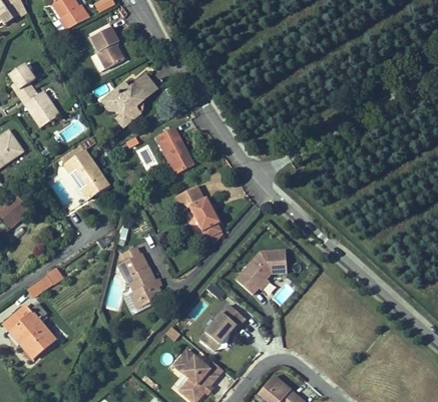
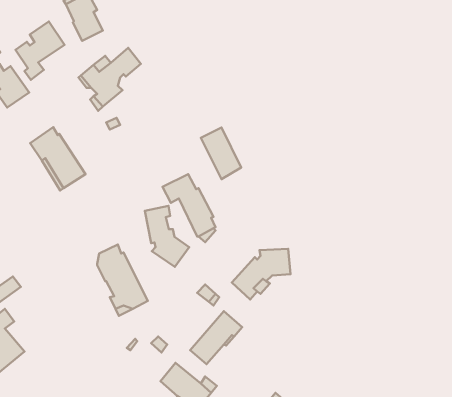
building: none -> [16,21,65,80]
building: [157,129,192,174] -> [201,127,241,179]
building: none -> [145,206,189,267]

